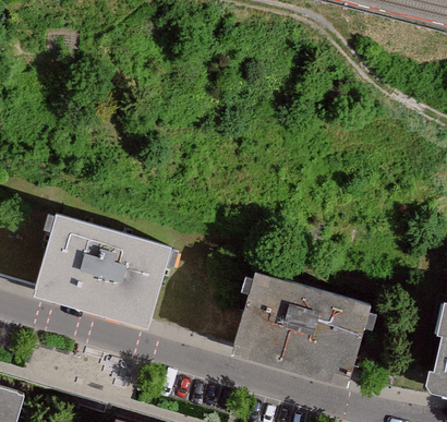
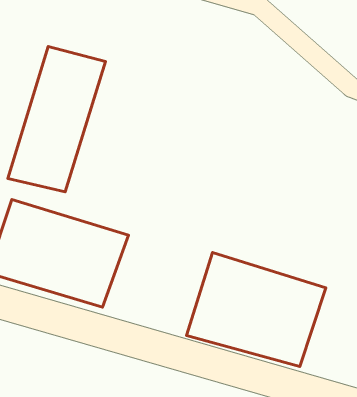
building: none -> [8,47,106,192]

